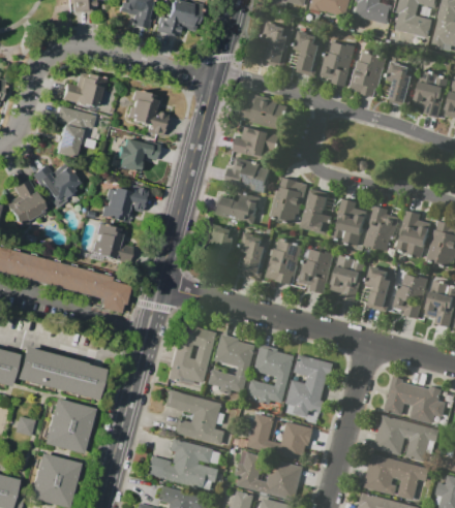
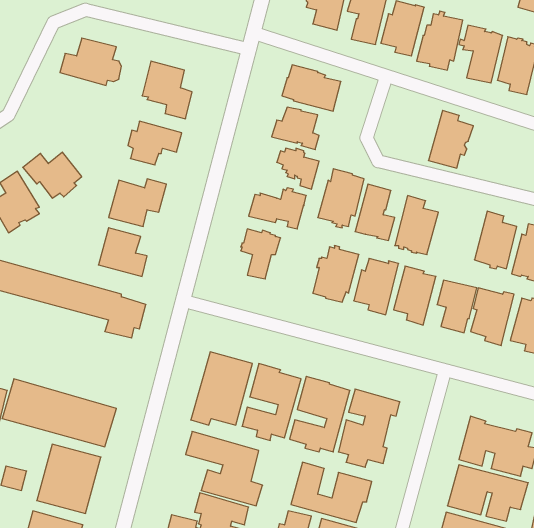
building: [55,105,96,158] -> none
building: [363,205,399,252] -> [428,110,473,168]
building: [240,232,271,275] -> none

